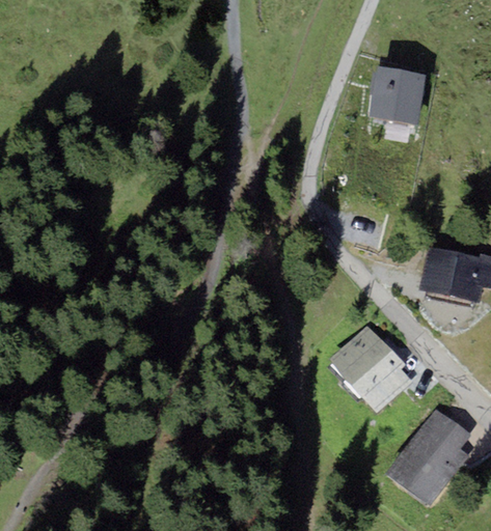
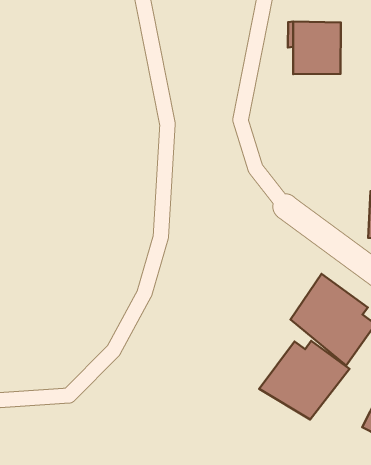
building: none -> [259,341,349,419]

